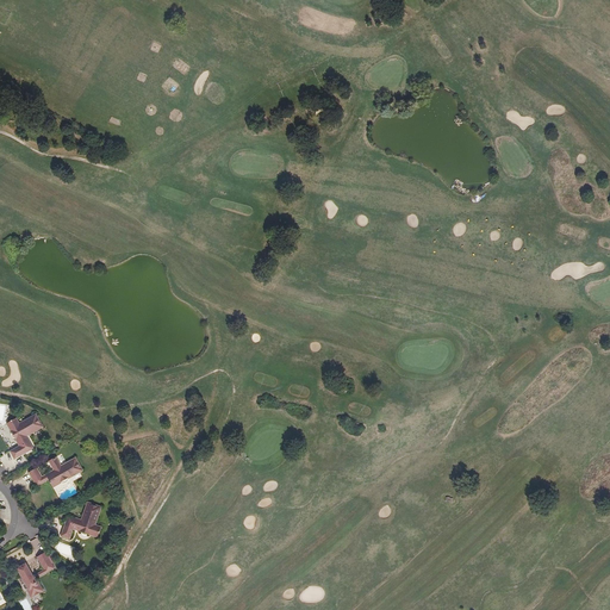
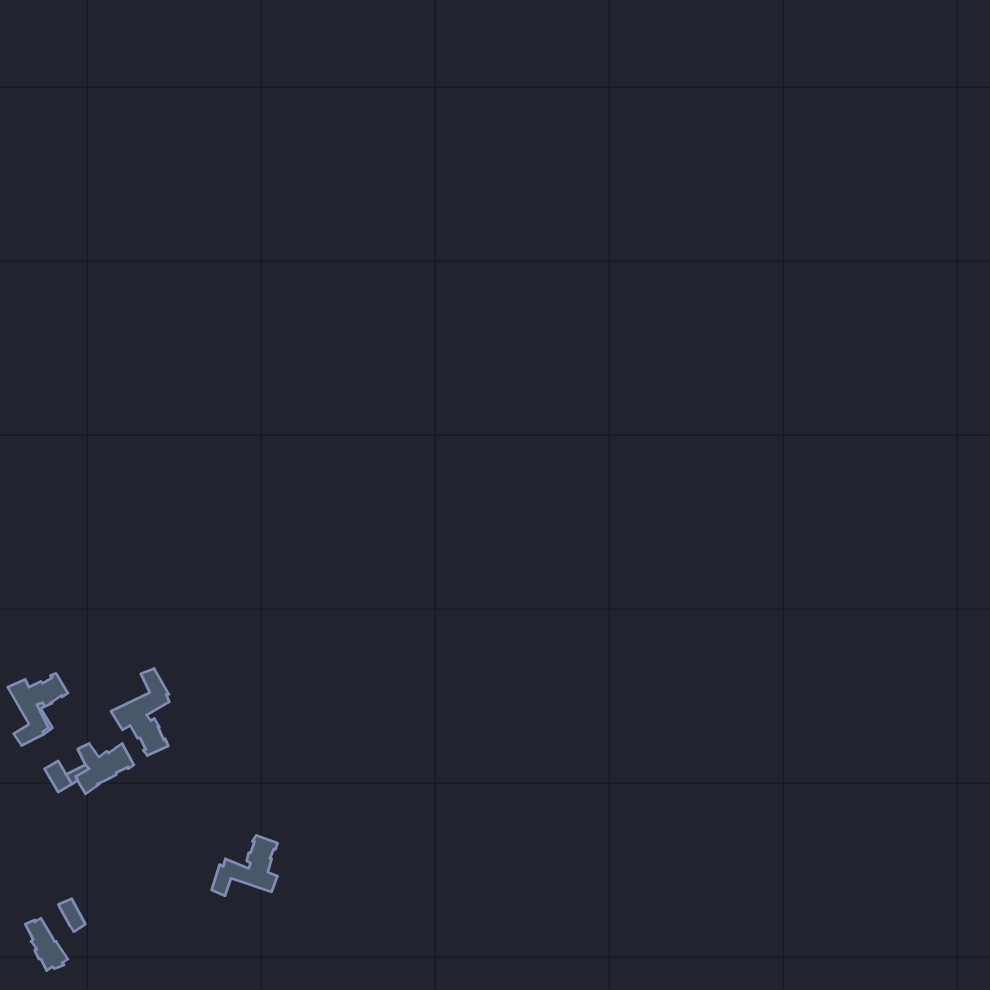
building: none -> [111,668,169,756]
building: [60,502,100,539] -> [212,835,278,896]

